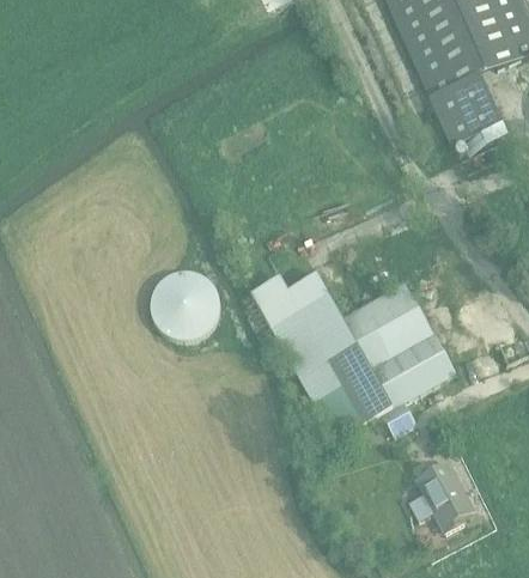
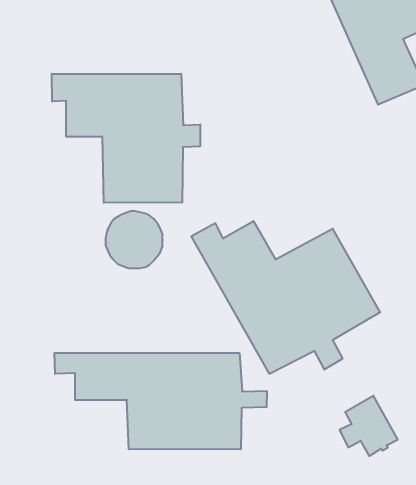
building: none -> [52,74,200,203]
building: none -> [55,353,267,449]

